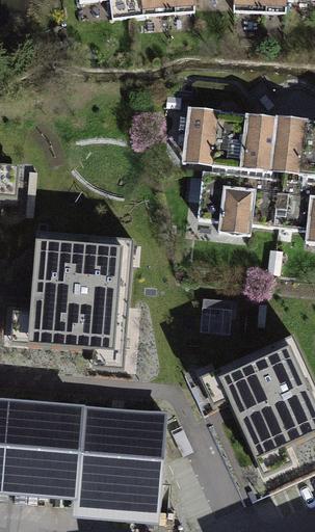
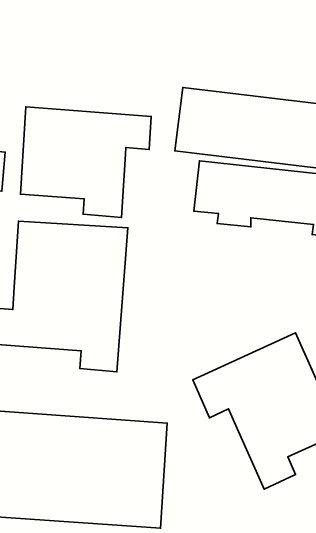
building: none -> [20,107,151,217]

